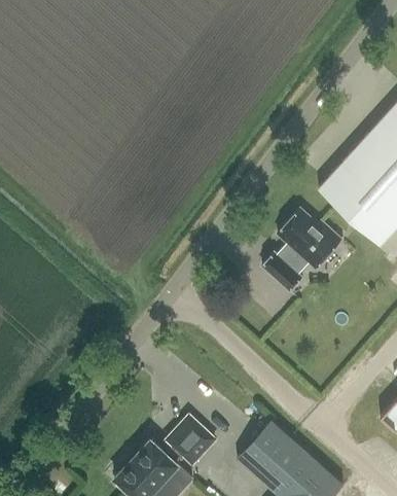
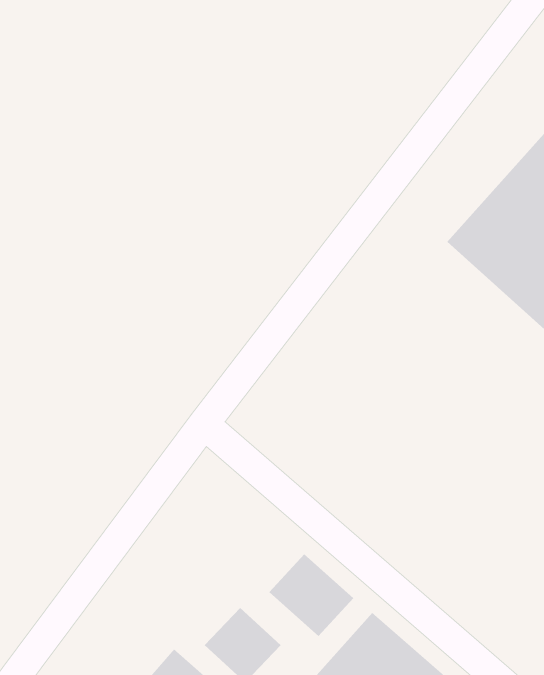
building: [262,217,339,298] -> none
building: none -> [268,554,354,637]

